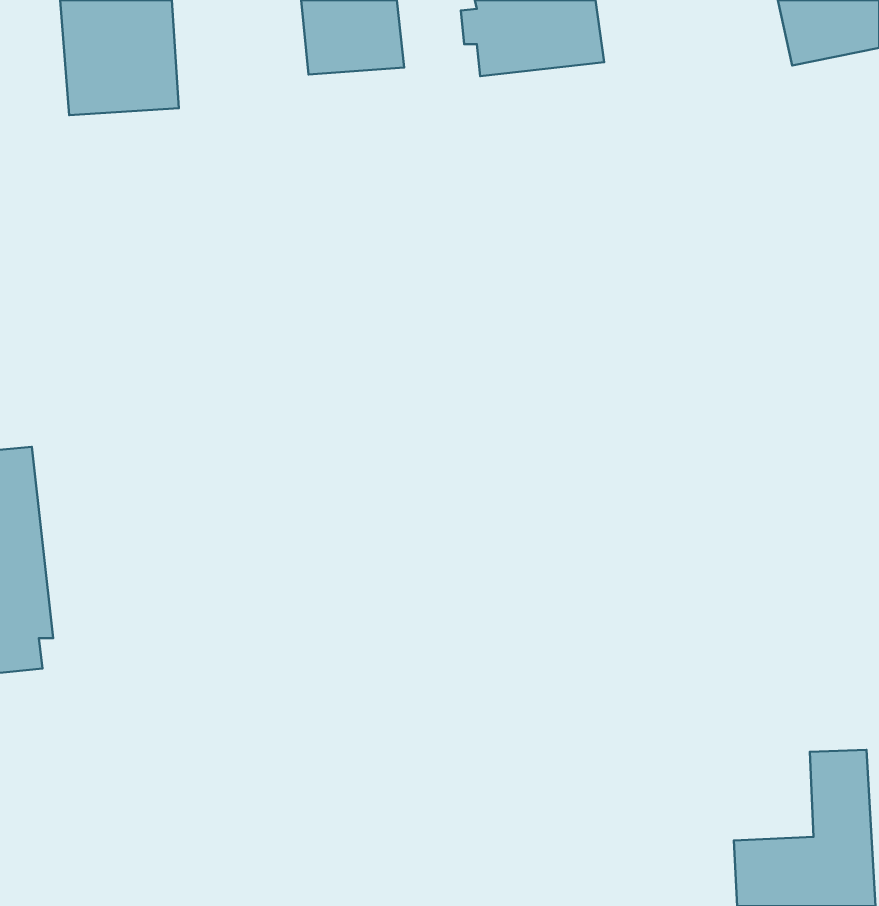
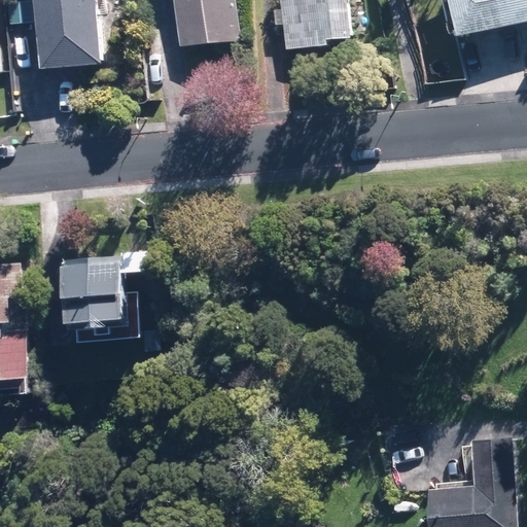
building: none -> [60,256,143,326]

